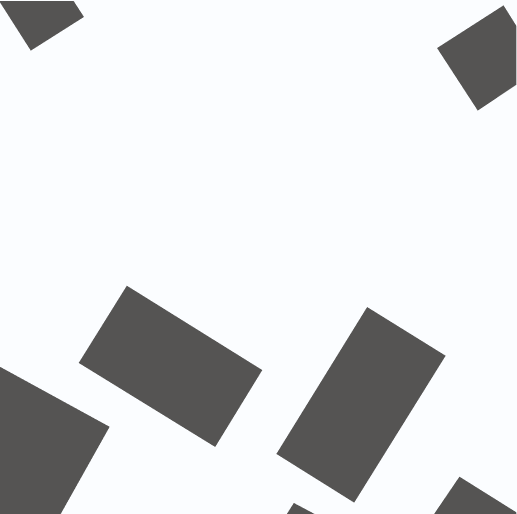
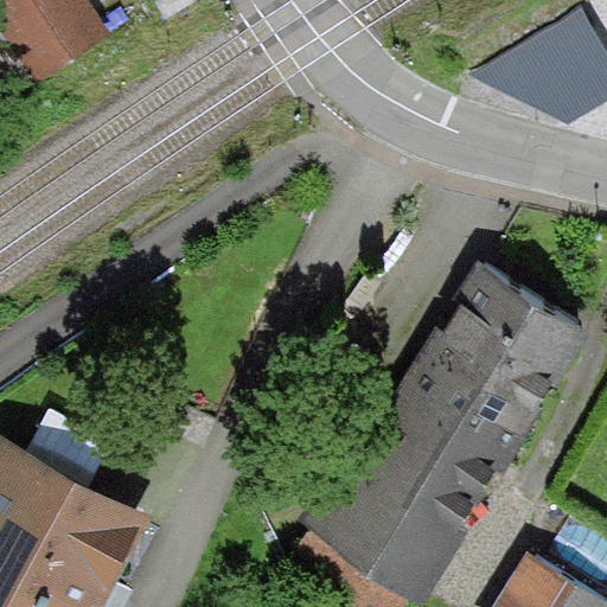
building: none -> [428,271,579,421]
building: [78,284,264,448] -> none

